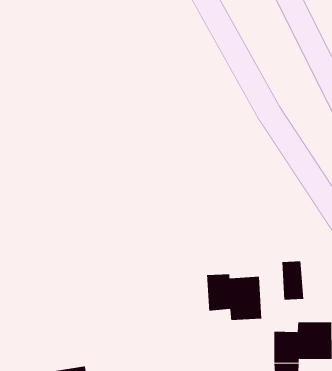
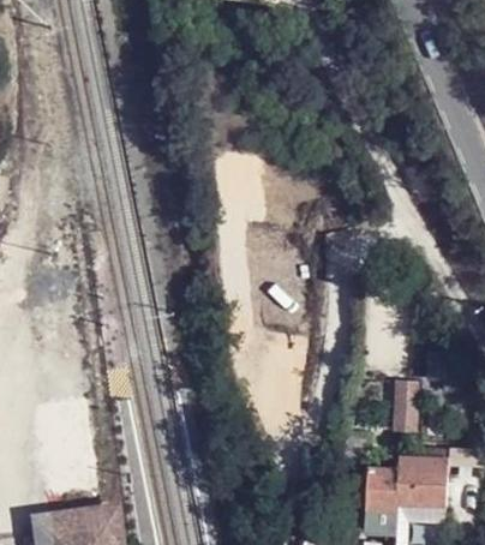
building: [207,274,262,321] -> none

